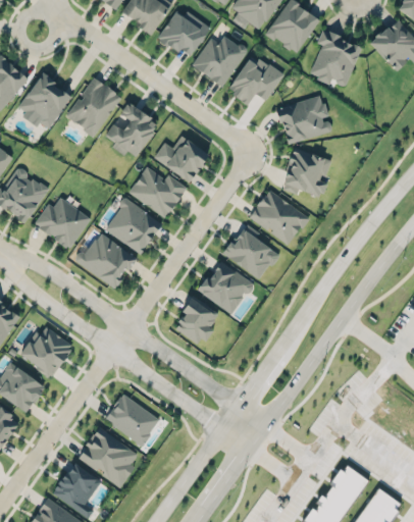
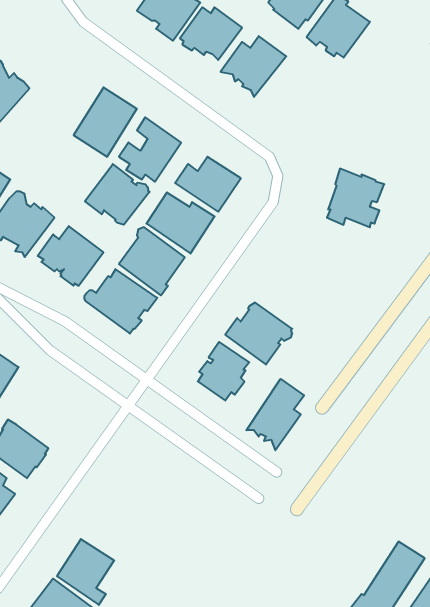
building: [310,30,362,86] -> none
building: [227,55,282,105] -> none
building: [16,75,71,129] -> none
building: [277,97,331,145] -> none
building: none -> [85,164,150,225]
building: [249,190,310,245] -> none
building: [222,224,279,278] -> none
building: [20,325,71,376] -> none
building: none -> [246,379,304,450]
building: [104,395,160,447] -> none
building: [79,424,138,485] -> none

